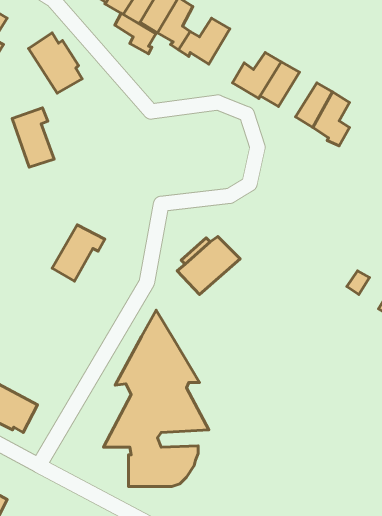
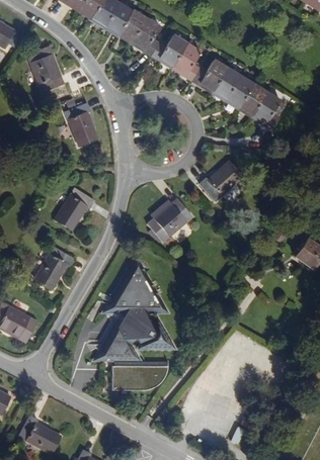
building: [115,13,156,54] -> none
building: none -> [168,38,196,80]
building: none -> [222,72,251,106]
building: [12,108,54,167] -> [65,97,97,143]
building: none -> [197,159,243,200]
building: none -> [31,249,70,291]

